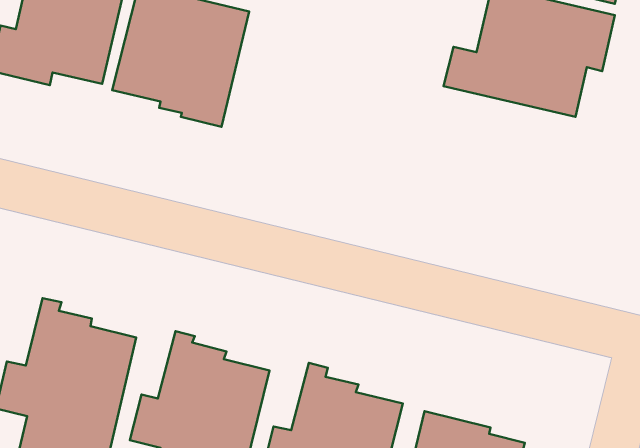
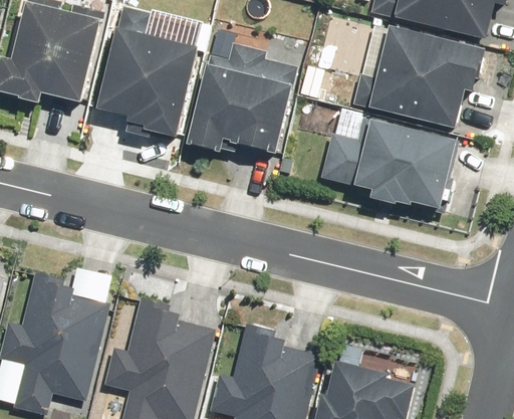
building: none -> [187,42,297,153]
building: none -> [319,118,458,208]

